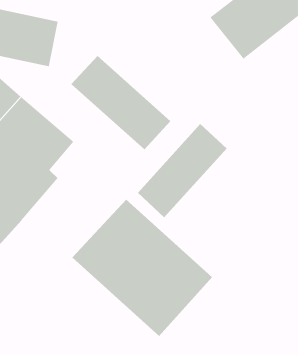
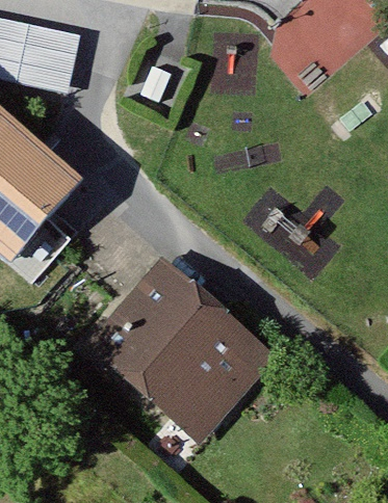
building: [71,55,171,150] -> none
building: [137,123,227,218] -> none

